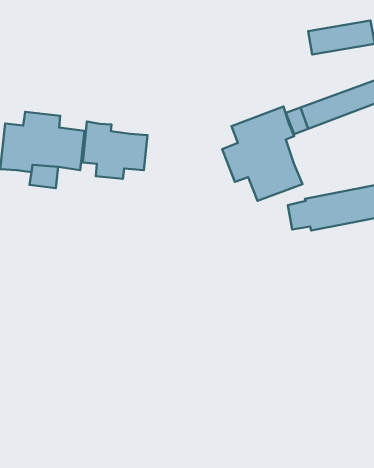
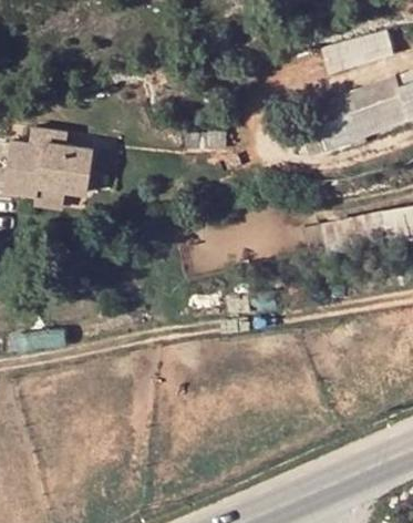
building: [222,106,302,201] -> none
building: [83,122,148,179] -> none

